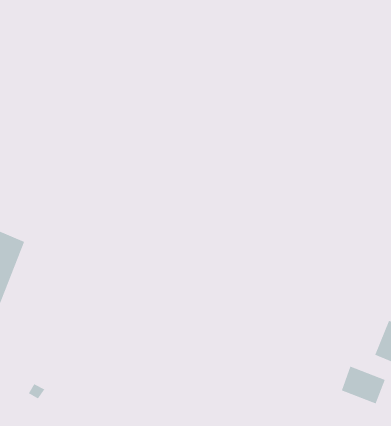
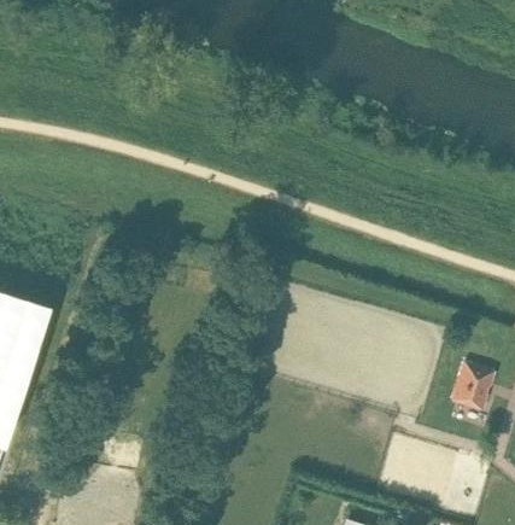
building: [341,365,386,404] -> none

